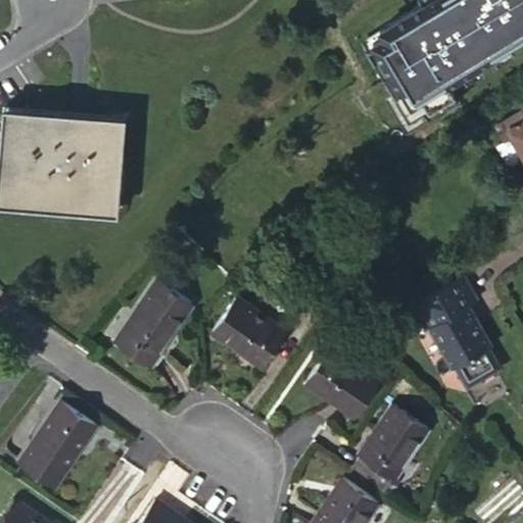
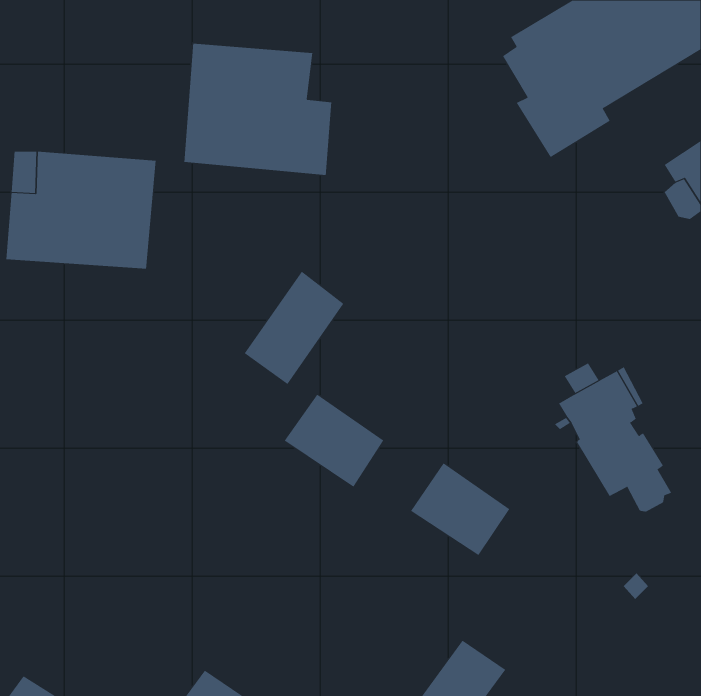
building: none -> [184,43,332,176]
building: [115,282,190,367] -> [244,271,344,385]
building: [18,402,94,487] -> none
building: [351,406,428,494] -> none

